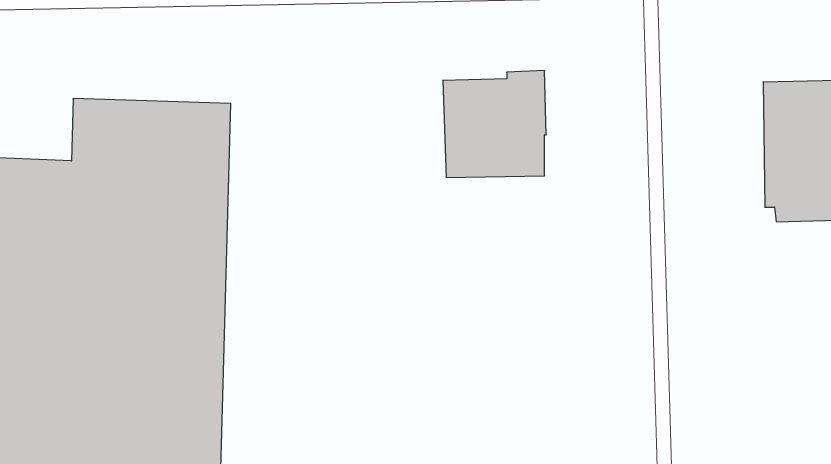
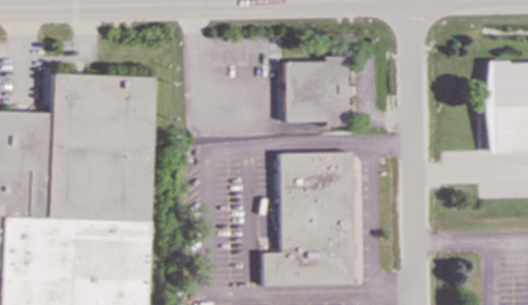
building: none -> [262,151,354,284]

